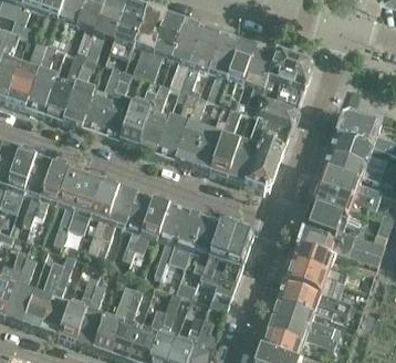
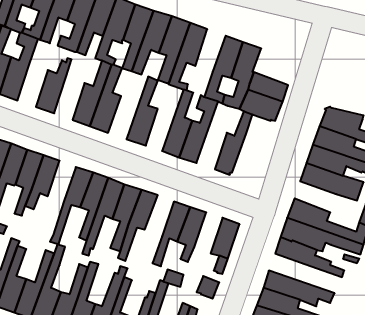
building: [208,34,241,104] -> none
building: [28,44,59,114] -> none
building: [269,54,313,92] -> none
building: [65,58,97,127] -> none
building: [121,80,161,147] -> none
building: [159,90,198,159] -> none
building: [211,108,243,178] -> none
building: [246,122,292,191] -> none
building: [55,169,87,246] -> none
building: [312,190,372,226] -> none
building: [156,205,188,279] -> none
building: [201,222,238,286] -> none
building: [285,265,355,305] -> none

